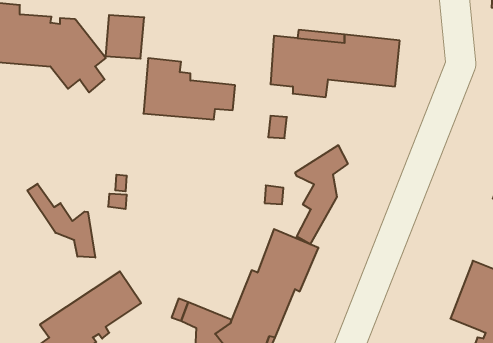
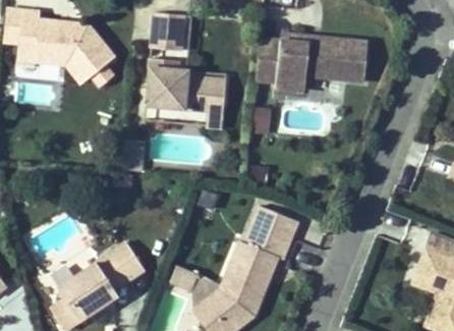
building: [105,15,144,59] -> [152,13,185,51]
building: [295,145,348,244] -> none
building: [27,184,95,258] -> none

